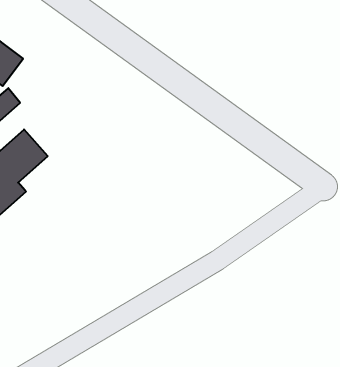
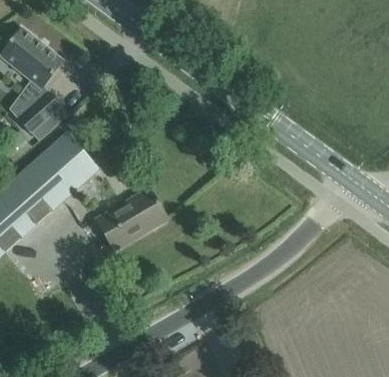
building: none -> [95,190,166,250]

